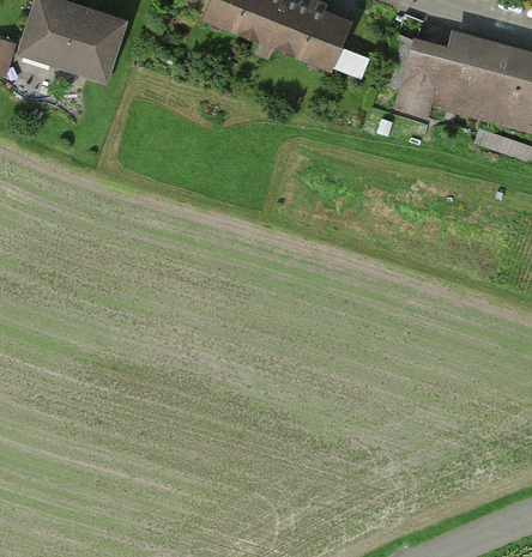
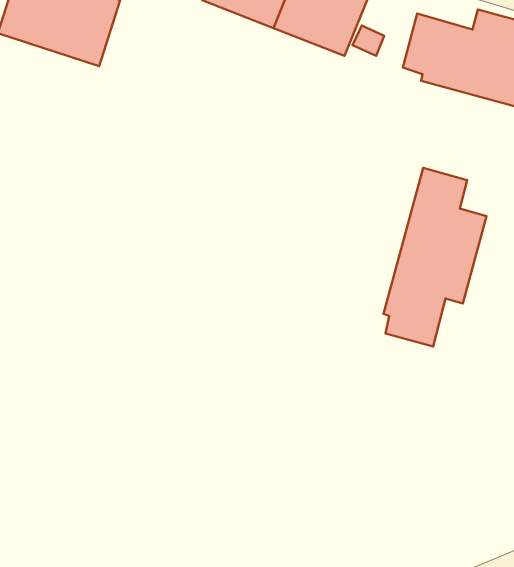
building: none -> [383,168,487,347]

